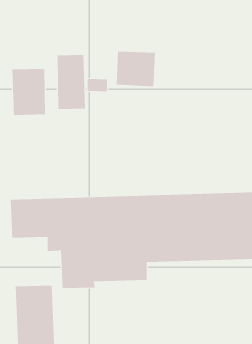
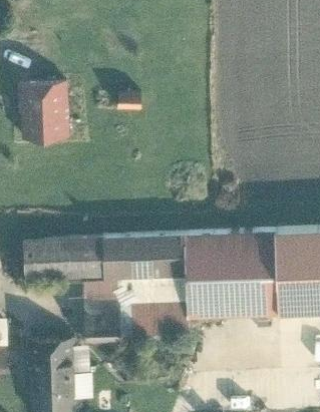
building: [116,51,155,87] -> none
building: [57,54,85,110] -> none

